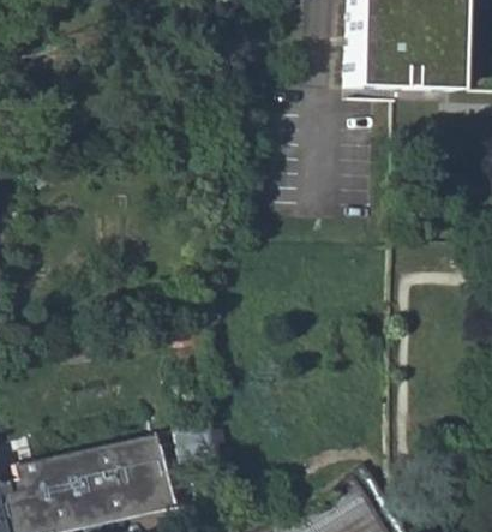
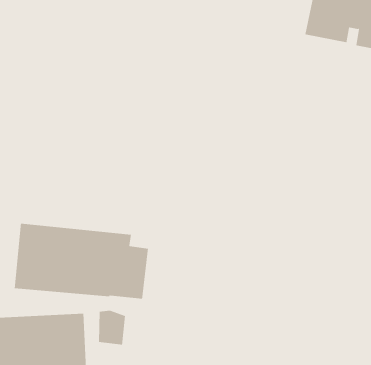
building: none -> [14,223,149,300]

